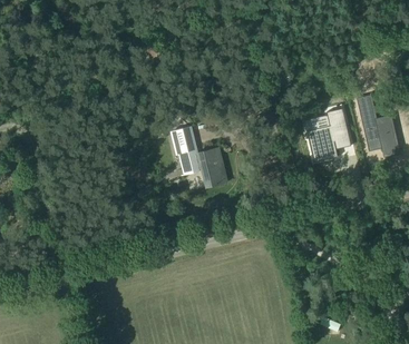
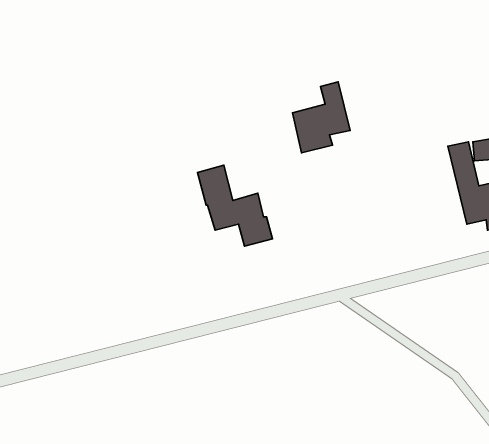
building: [308,108,351,161] -> [293,82,350,153]

